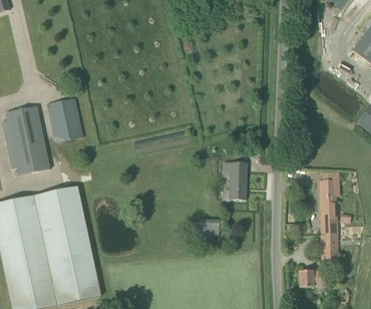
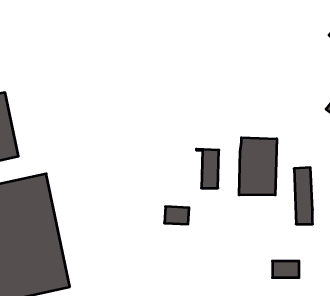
building: [46,97,83,141] -> none
building: none -> [239,138,277,195]
building: [321,234,337,259] -> none

